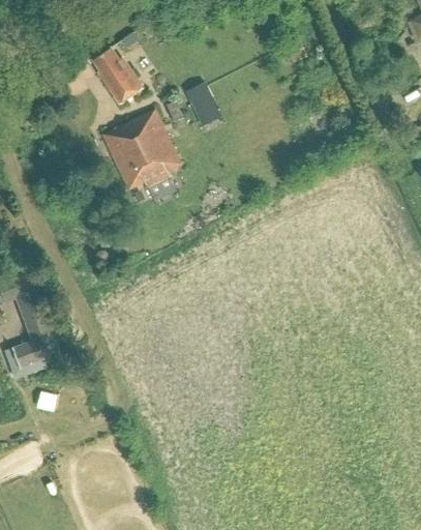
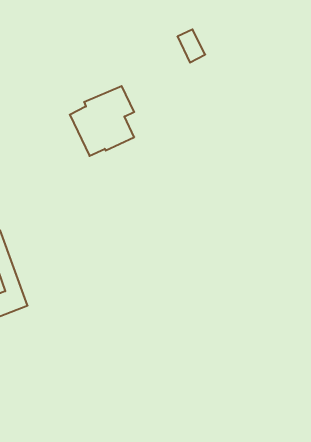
building: [94,52,143,107] -> none
building: [189,87,221,125] -> [177,29,205,63]

